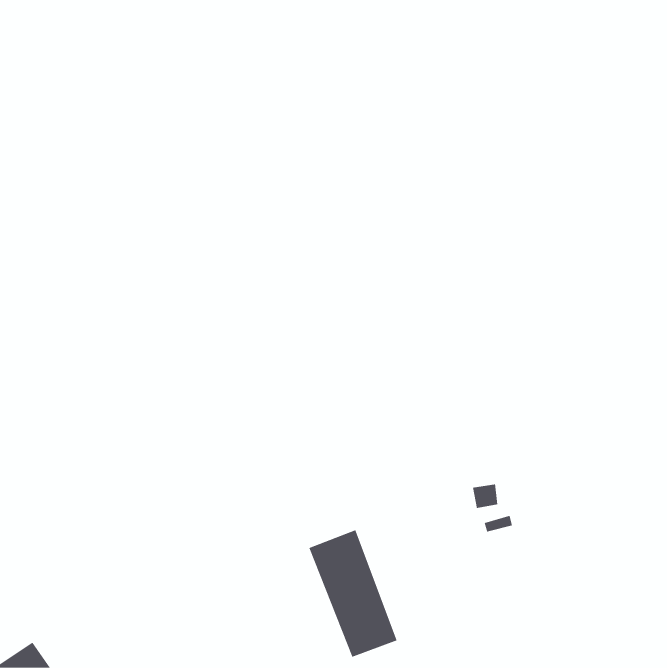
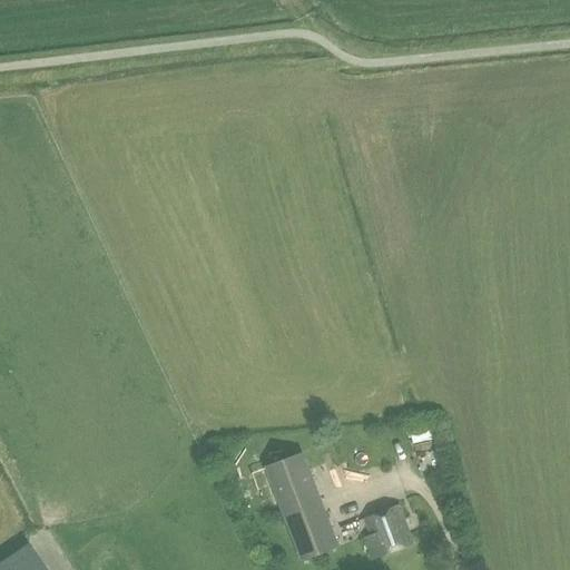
building: none -> [363,505,412,558]

